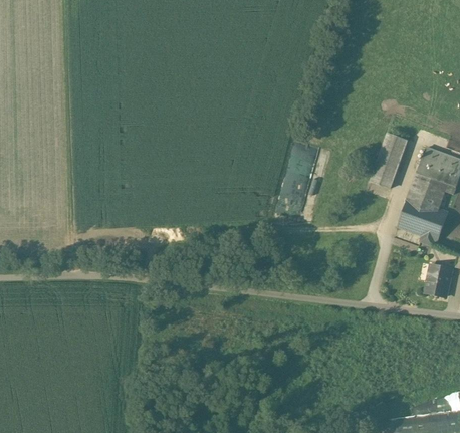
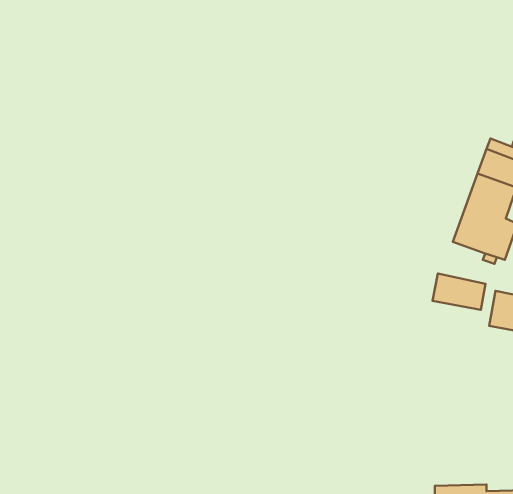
building: [370,134,406,189] -> none
building: none -> [432,274,486,310]

